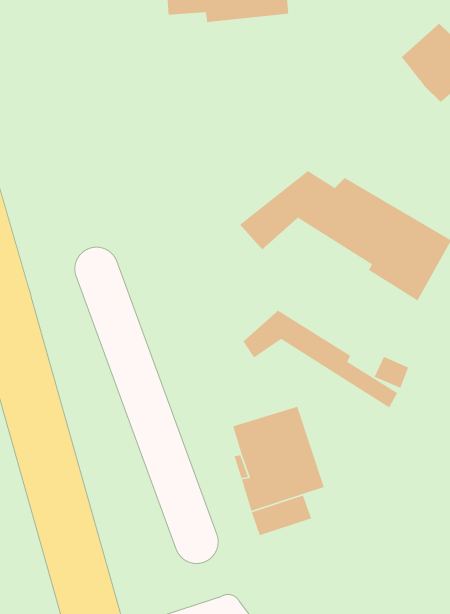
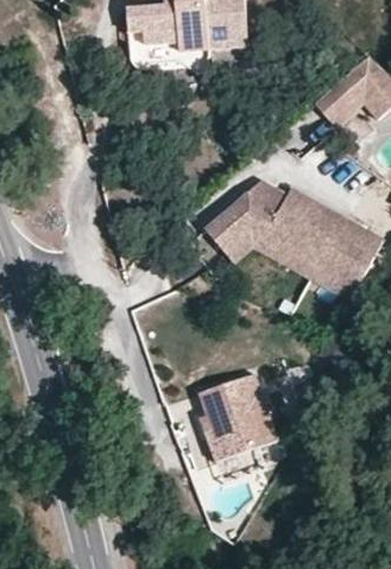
building: none -> [310,84,358,132]
building: [243,310,398,409] -> [223,219,353,301]

